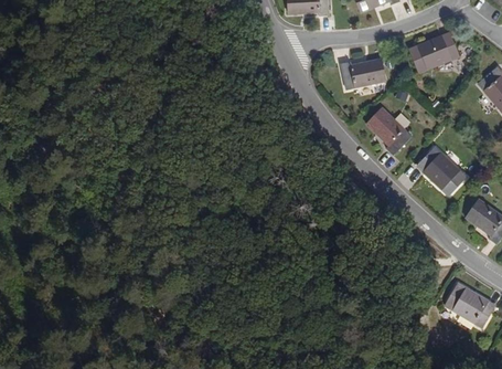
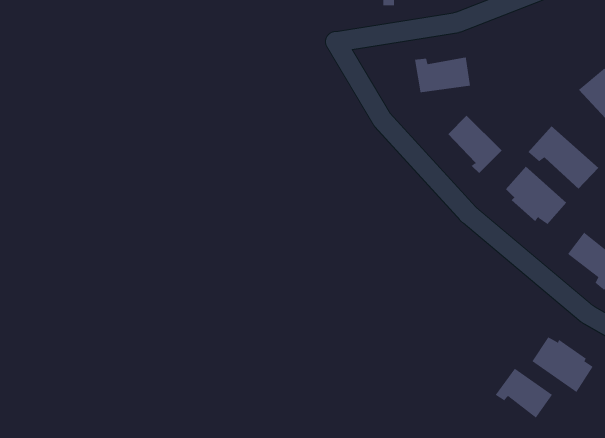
building: [417,34,467,73] -> none
building: none -> [527,126,599,189]
building: none -> [495,368,553,419]

